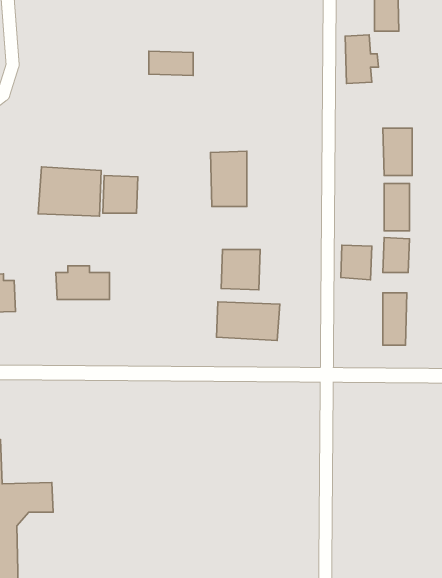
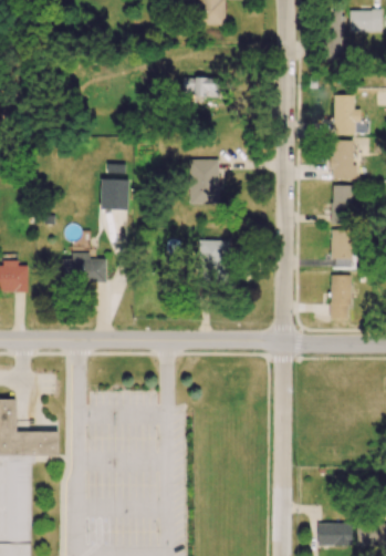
building: [345,35,379,83] -> [334,95,362,135]
building: [149,51,193,76] -> [182,78,219,97]
building: [38,167,101,216] -> none
building: [341,245,372,280] -> none
building: [217,302,280,341] -> none

